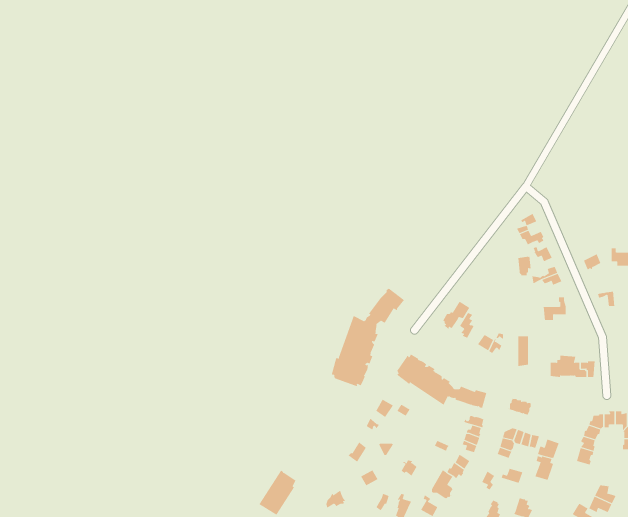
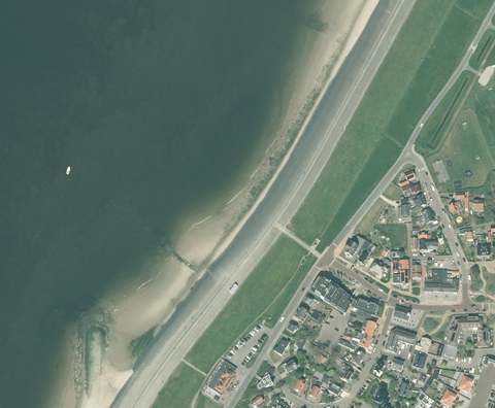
building: [331,288,405,387] -> none

